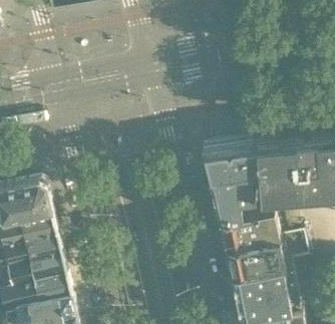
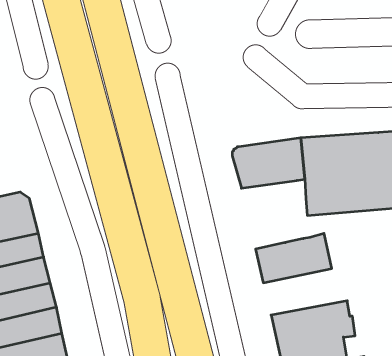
building: [210,173,263,226] -> none
building: [227,237,309,277] -> none

